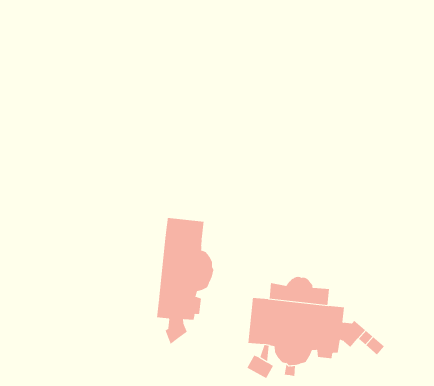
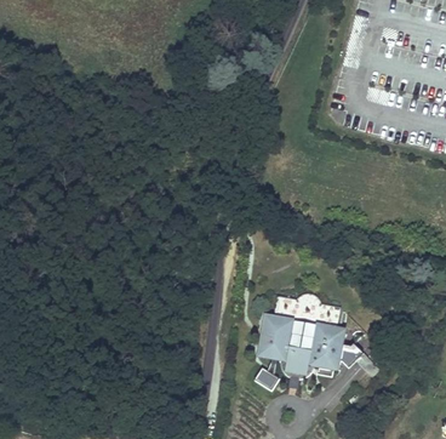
building: [157,217,214,345] -> none

